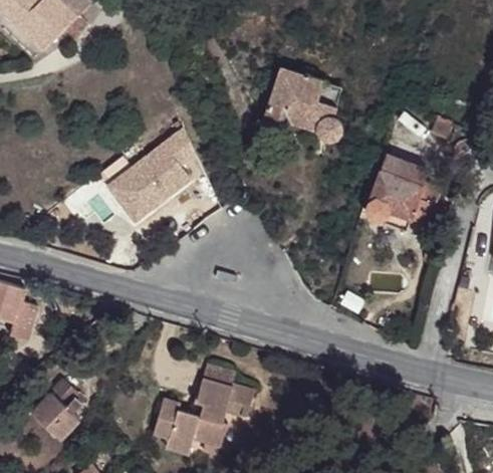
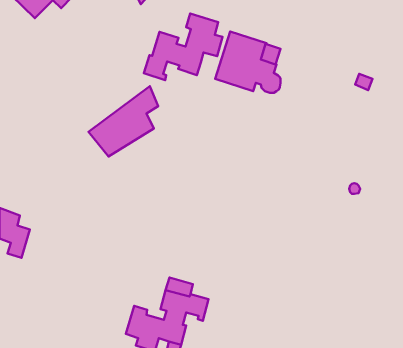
building: none -> [144,14,223,80]
building: [366,154,443,230] -> none
building: [32,380,84,439] -> none

